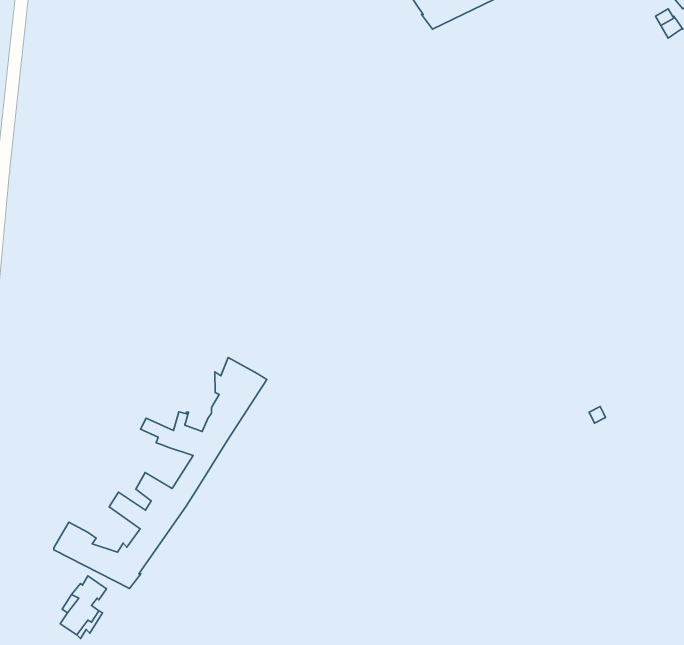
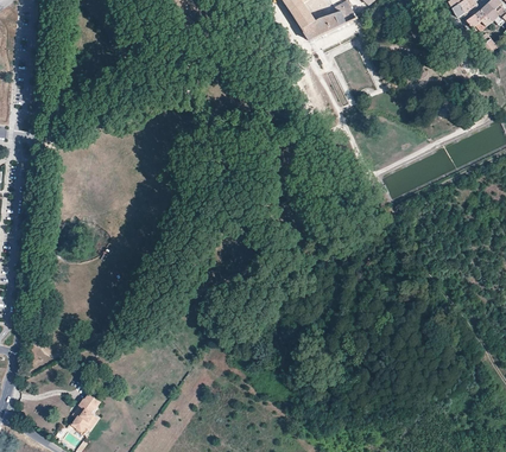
building: [54,357,267,589] -> none

